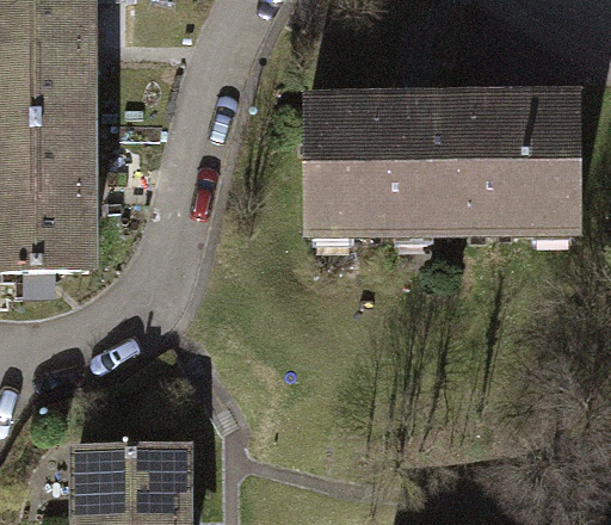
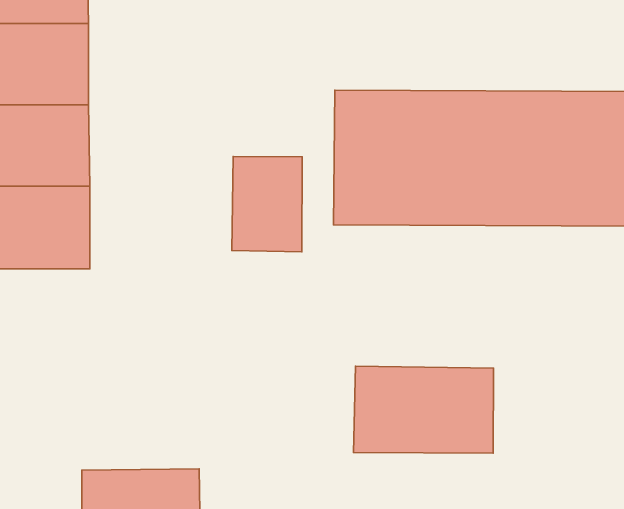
building: none -> [232,157,302,252]
building: none -> [353,366,494,453]

